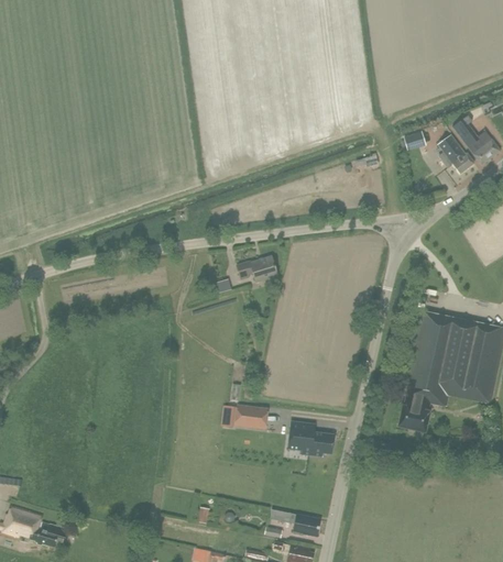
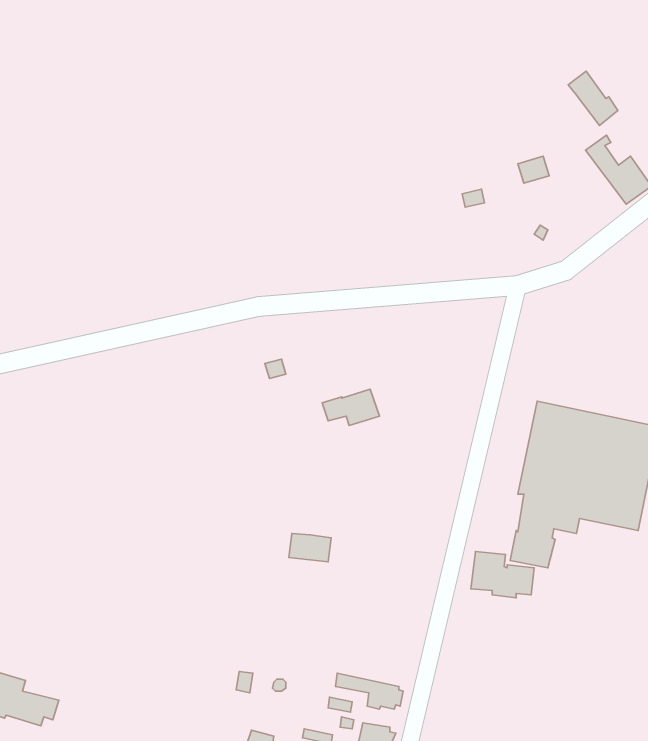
building: [438,134,474,174] -> [568,71,618,125]
building: [237,255,278,282] -> [322,389,379,425]
building: [287,421,333,455] -> [471,551,534,598]

